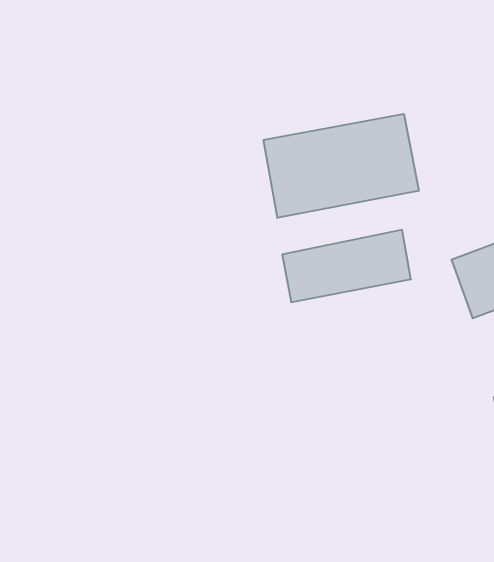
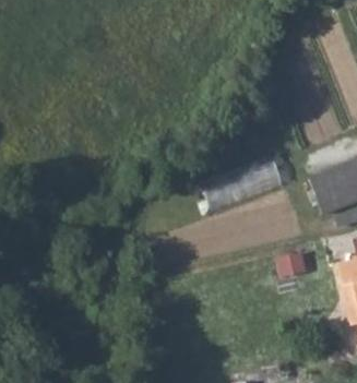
building: [264,114,419,218] -> none

